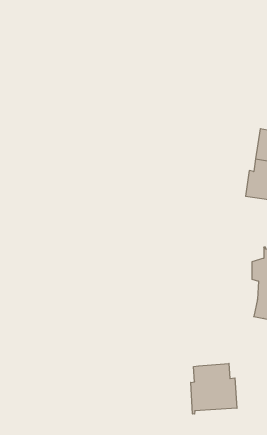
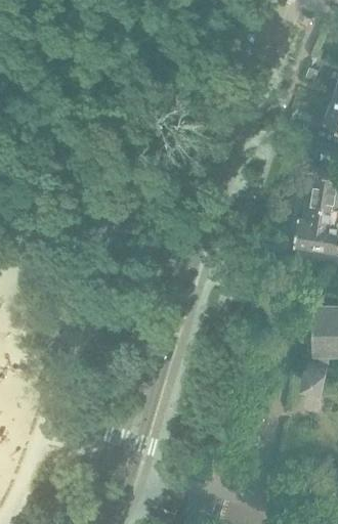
building: [191,363,237,414] -> none

